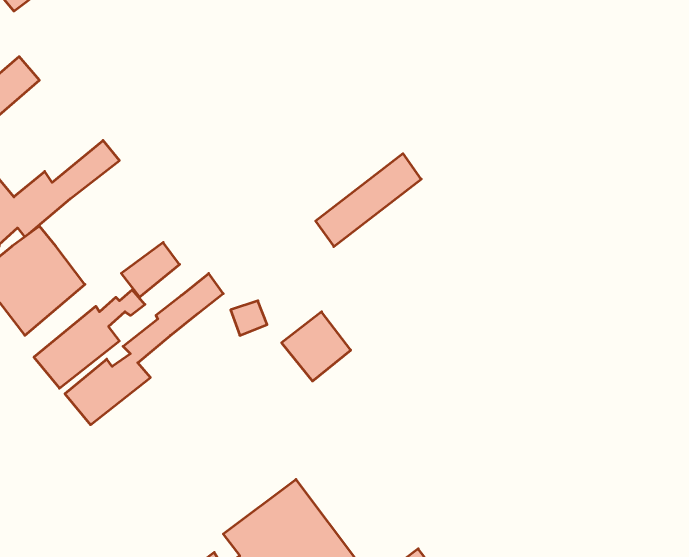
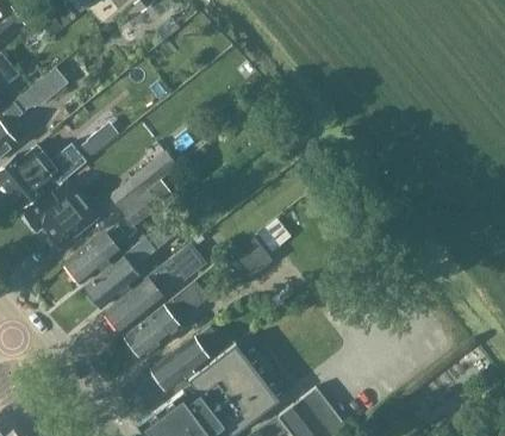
building: [316,154,421,247] -> [107,150,176,211]
building: none -> [104,244,204,334]
building: none -> [124,281,207,359]
building: none -> [149,328,217,390]

